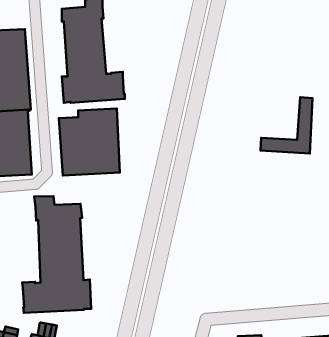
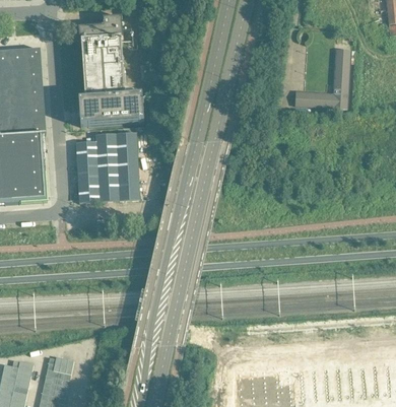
building: [260,97,313,153] -> [294,49,349,108]
building: [22,196,91,313] -> none

